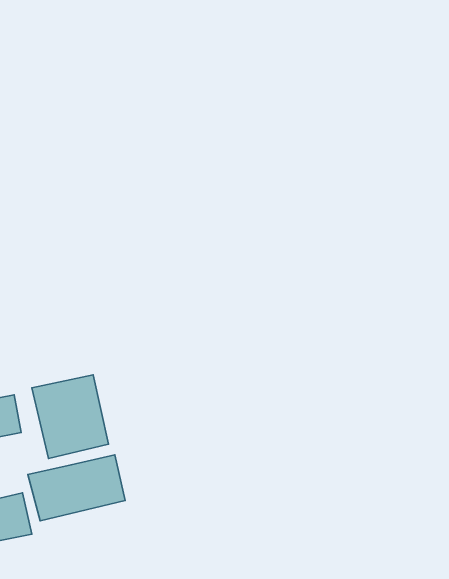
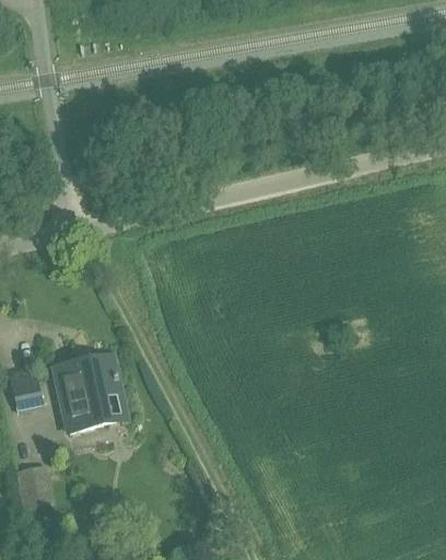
building: [28,455,125,521] -> none

